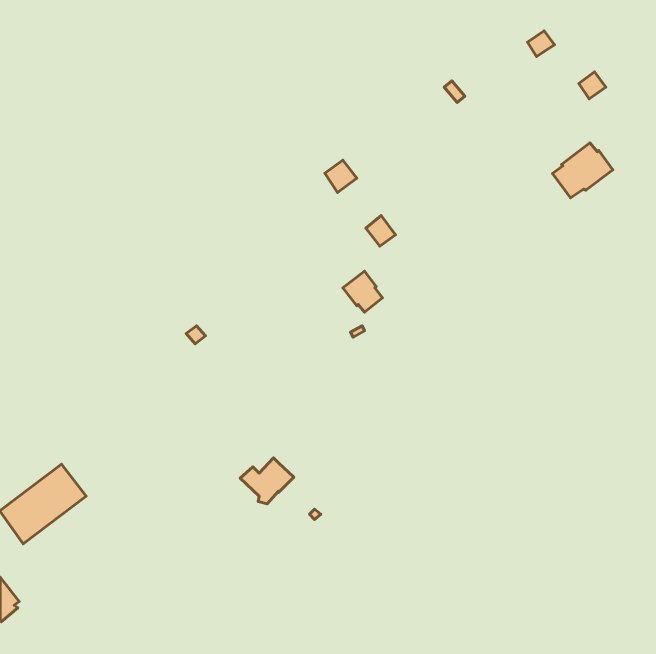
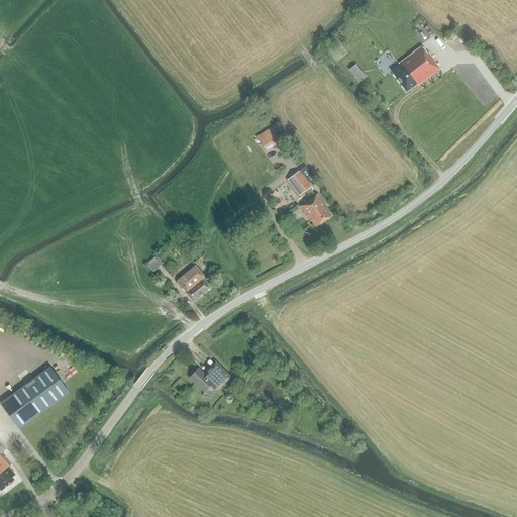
building: [553,143,613,198] -> [392,46,439,90]
building: [343,271,383,312] -> [300,193,331,225]
building: none -> [177,265,210,300]

